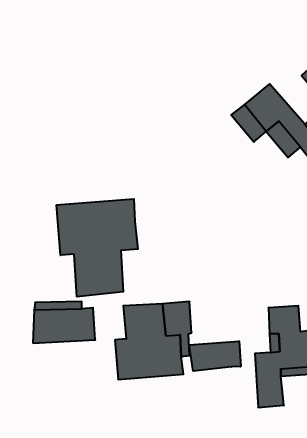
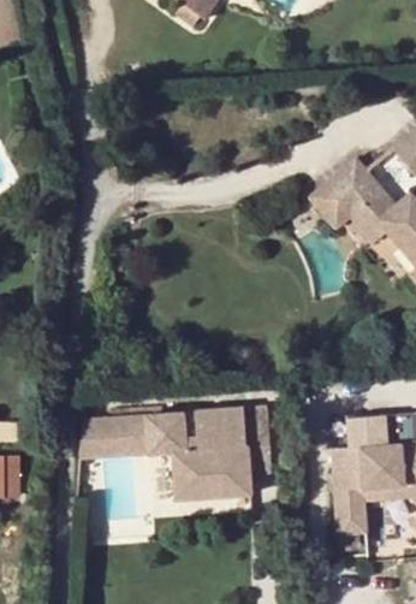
building: [57,199,138,297] -> none
building: none -> [147,415,185,455]
building: [189,341,241,371] -> none

